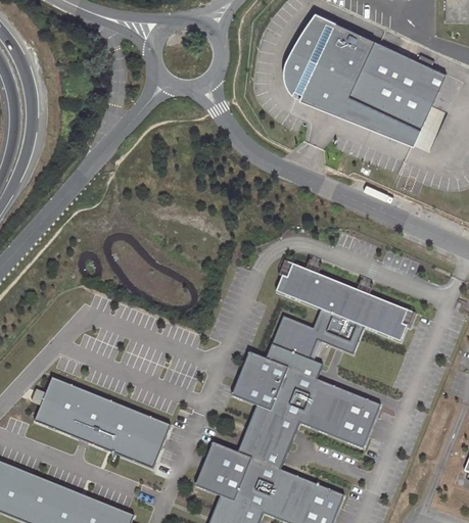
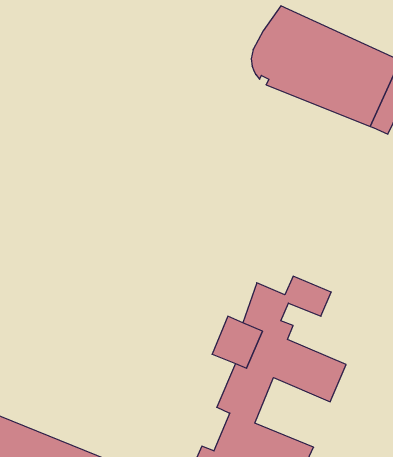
building: [278,262,414,340] -> none
building: [34,382,168,469] -> none
building: [198,443,252,501] -> none

